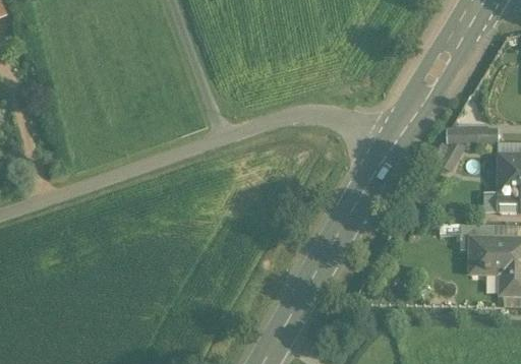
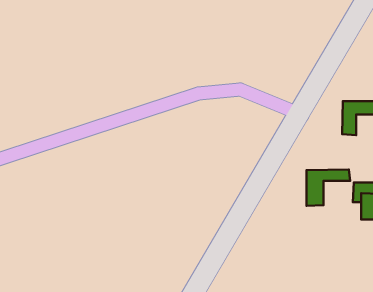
building: none -> [307,170,350,206]

